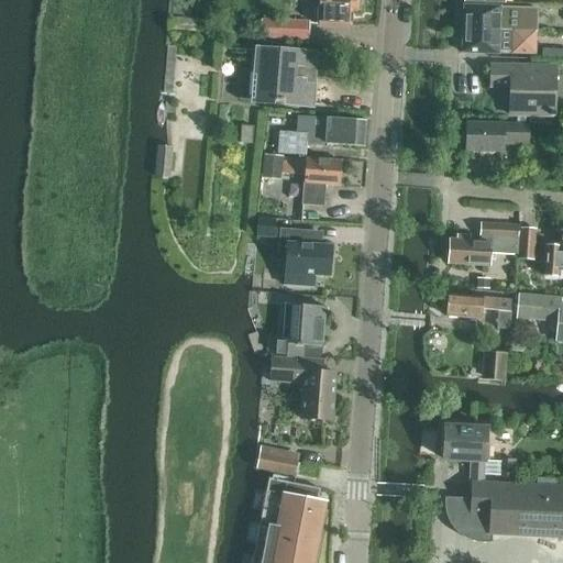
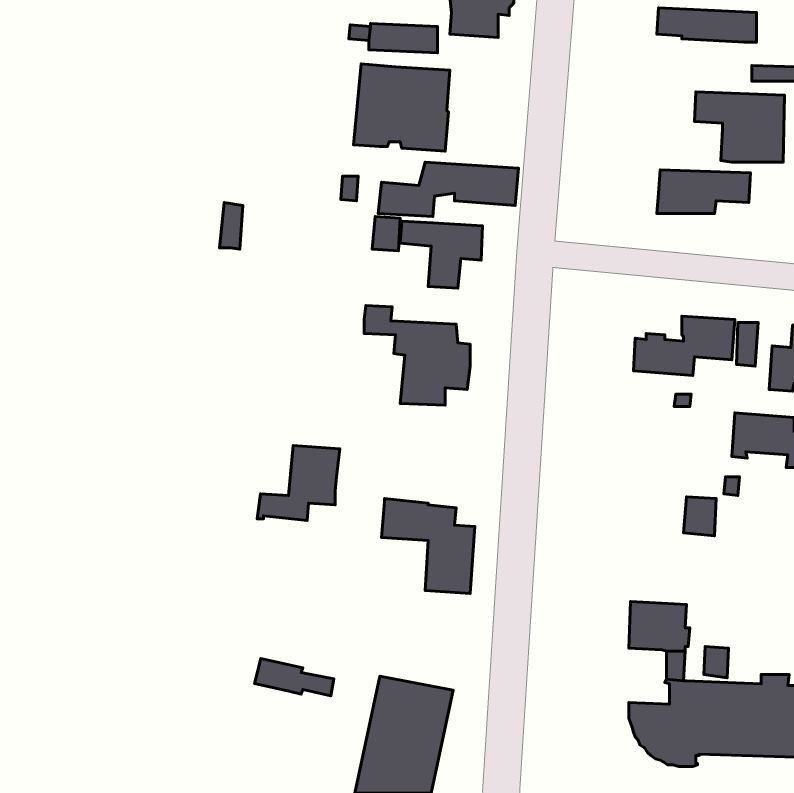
building: [464,24,527,53] -> none
building: [448,294,511,328] -> none
building: [268,302,327,355] -> [257,446,340,520]
building: [263,449,319,475] -> [254,658,334,696]

